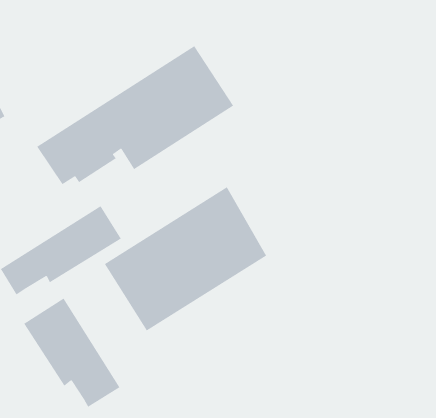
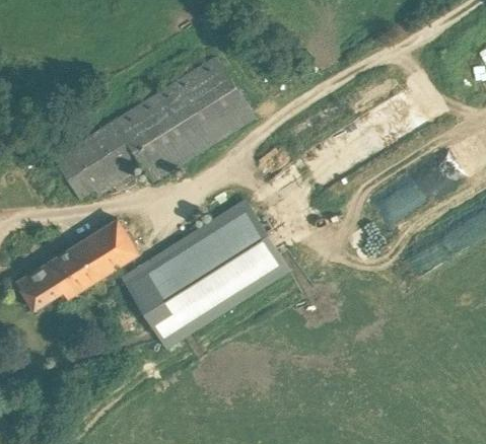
building: [23,298,120,408] -> none

